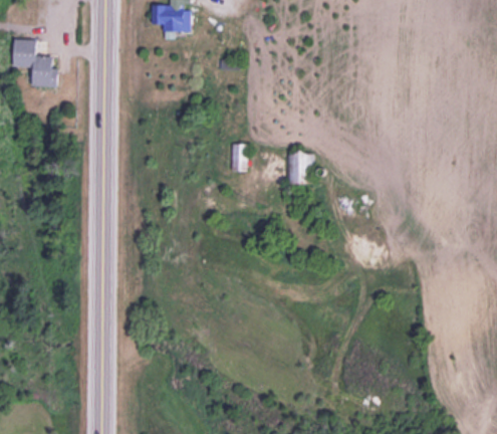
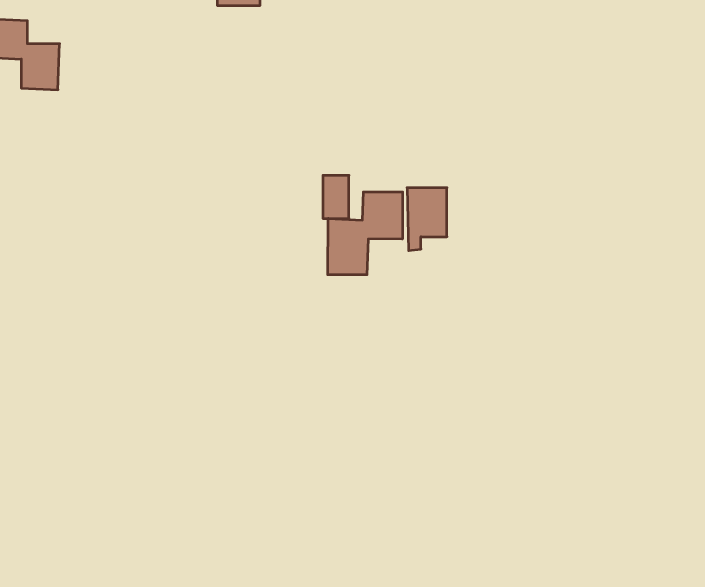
building: none -> [328,192,403,275]

